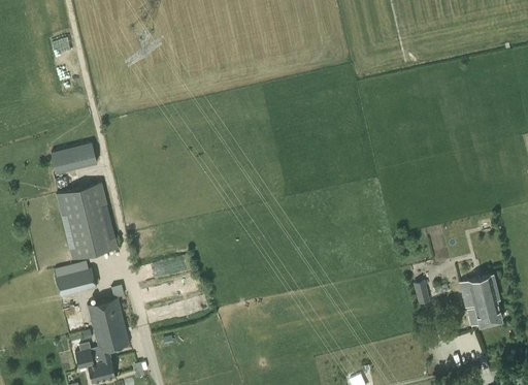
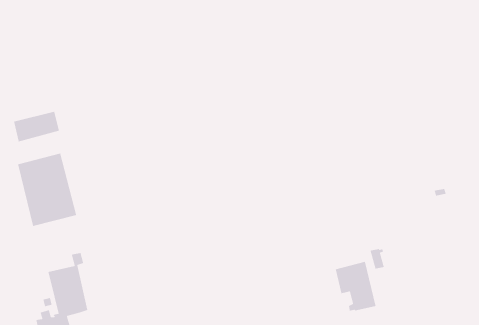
building: [54,263,96,298] -> none
building: [460,275,502,326] -> [335,261,377,312]

